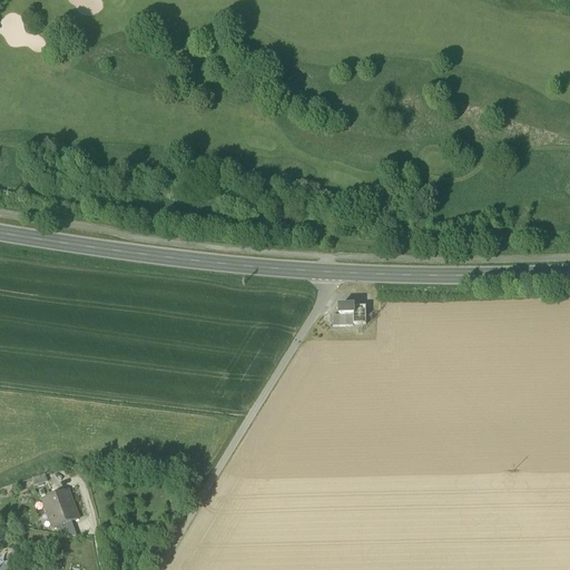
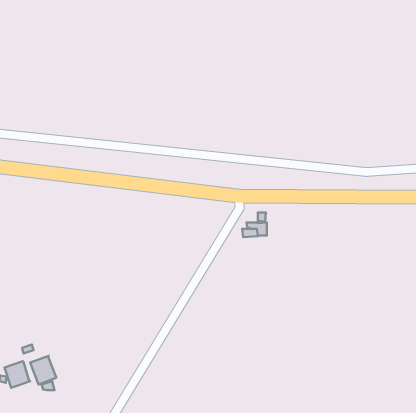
building: none -> [5,361,30,388]

